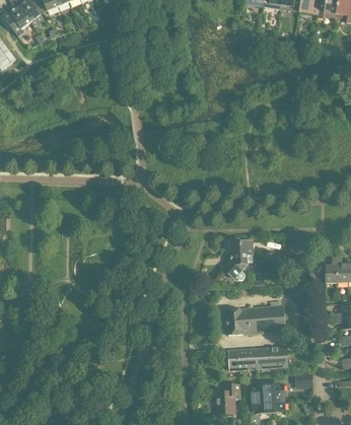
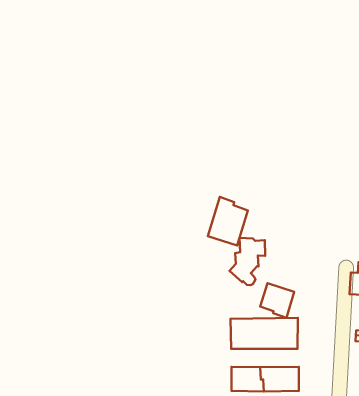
building: none -> [208,197,248,245]
building: none -> [260,283,294,318]

